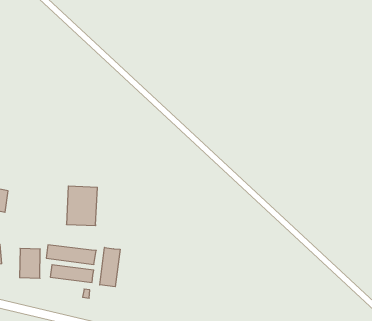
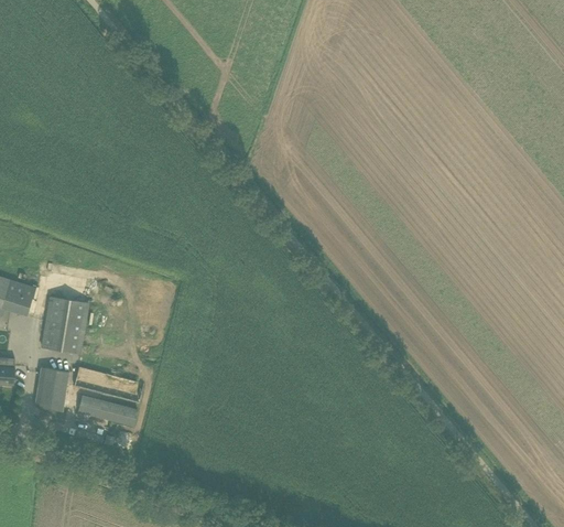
building: [66,186,97,226] -> [40,295,88,354]
building: [100,247,120,287] -> none

